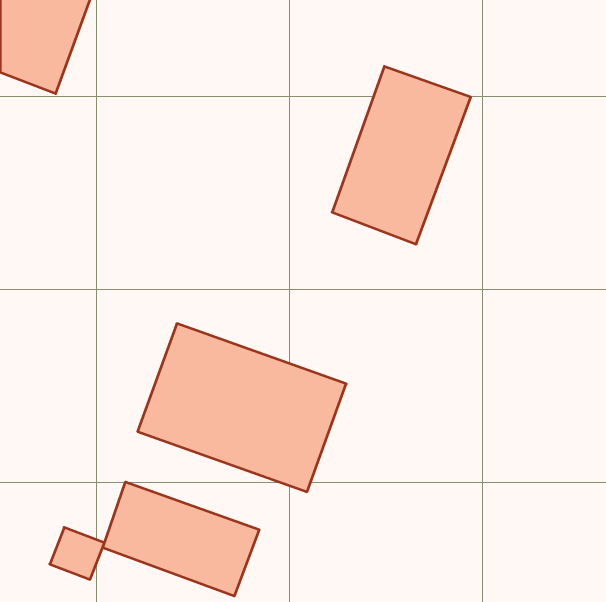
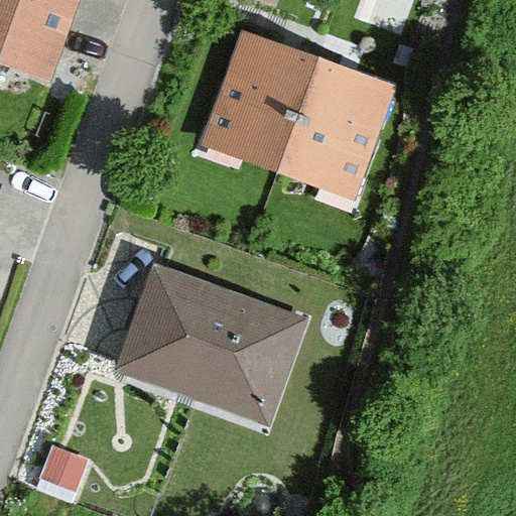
building: none -> [196,26,327,180]
building: [103,482,259,596] -> none

